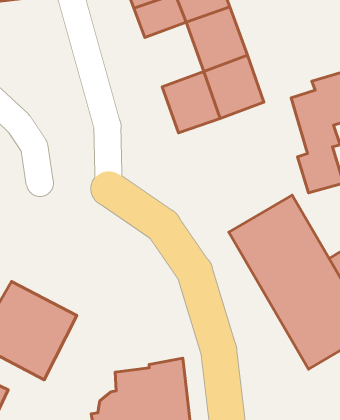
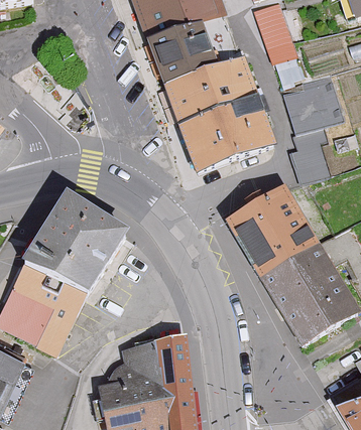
building: none -> [263,9,304,81]
building: none -> [148,25,203,85]
building: none -> [179,99,275,172]
building: none -> [23,194,125,297]

